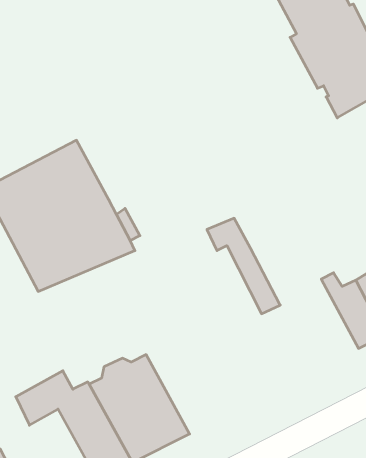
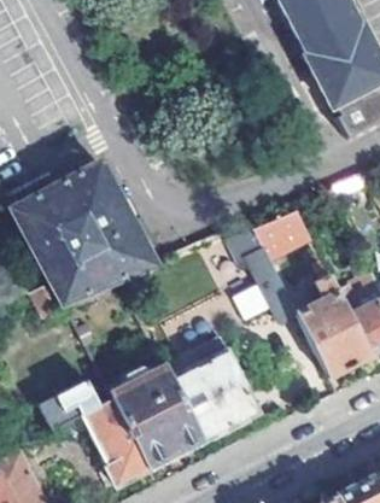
building: none -> [250,210,306,258]
building: none -> [294,259,370,378]
building: none -> [164,333,262,439]

